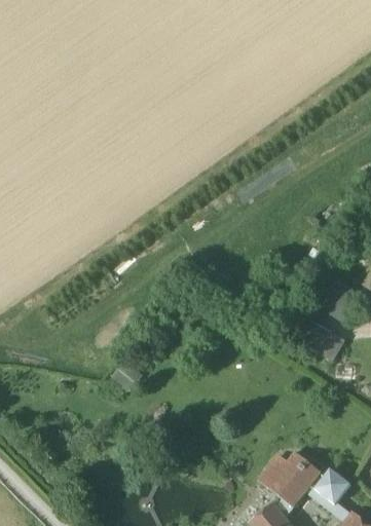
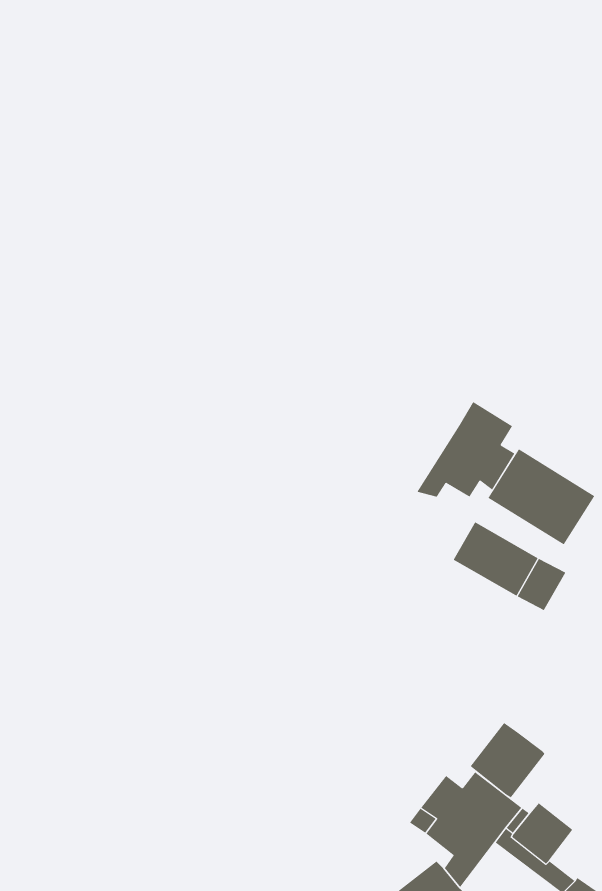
building: none -> [417,401,515,498]
building: none -> [470,722,545,798]

